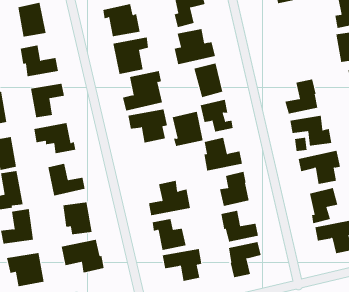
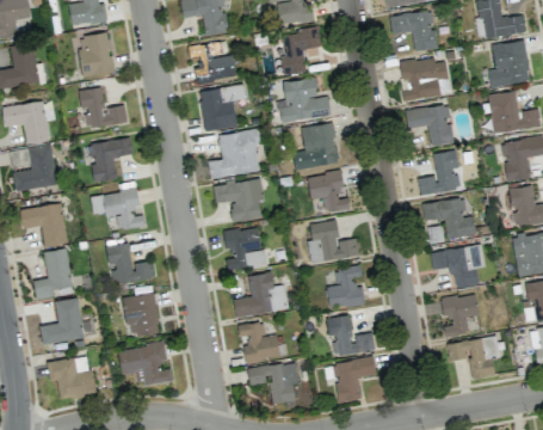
building: none -> [400,57,449,102]
building: none -> [406,104,453,146]
building: [172,111,204,147] -> [226,226,265,270]

